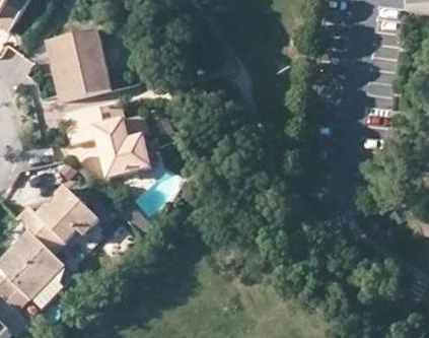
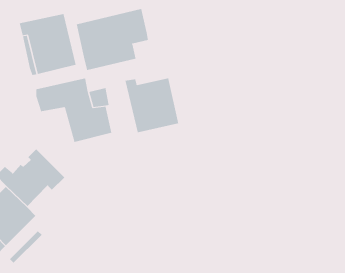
building: none -> [76,8,148,71]
building: none -> [125,78,179,133]

